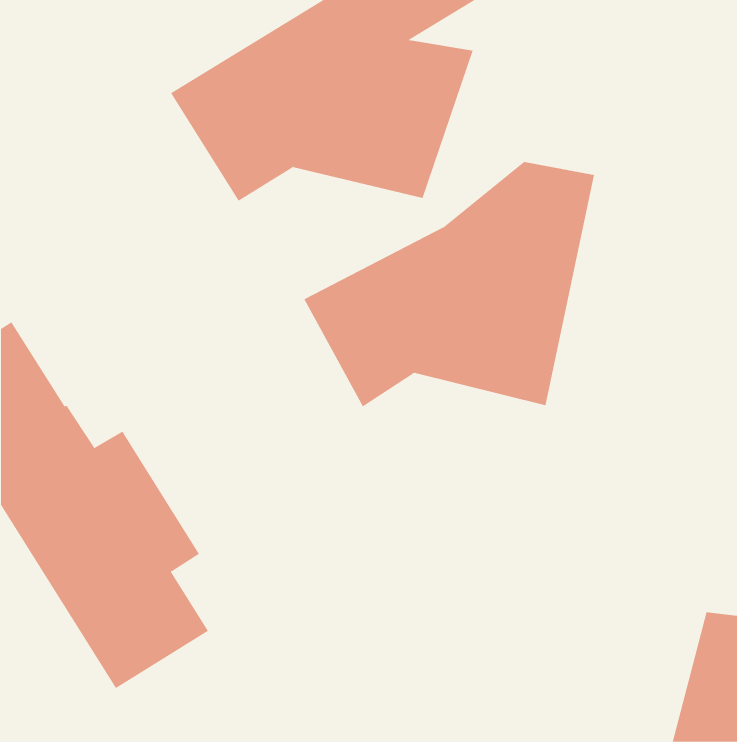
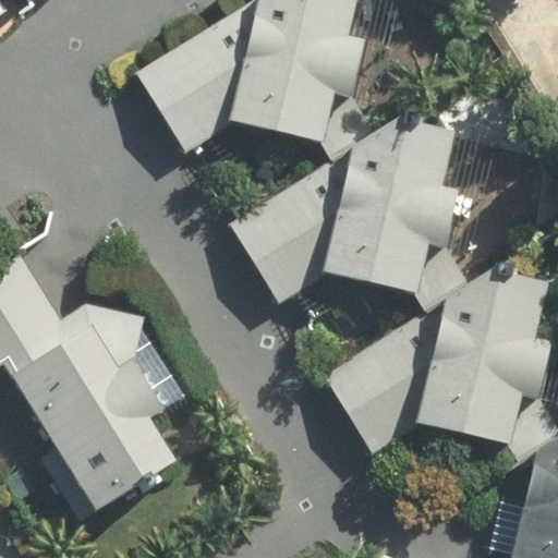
building: none -> [330,274,544,449]

